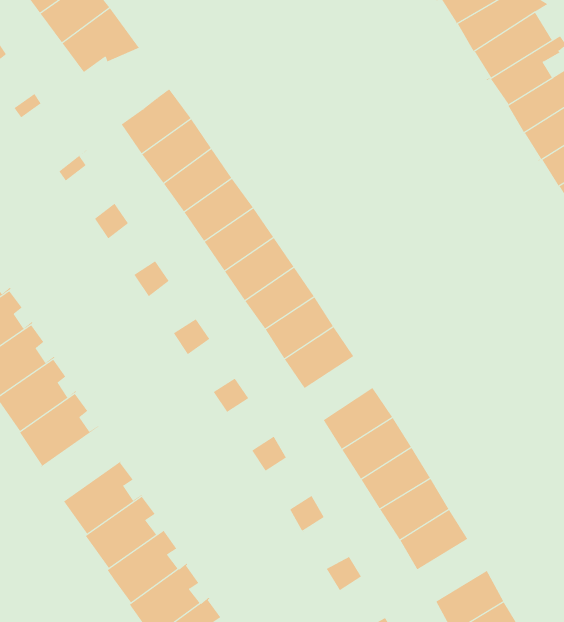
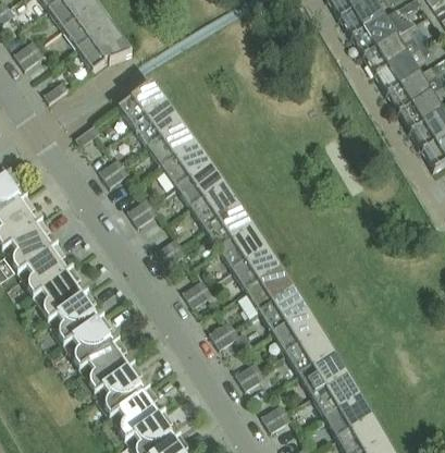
building: none -> [247,267,295,311]
building: none -> [64,316,120,368]
building: none -> [325,394,374,438]

